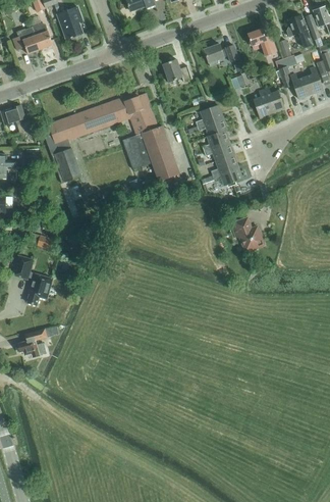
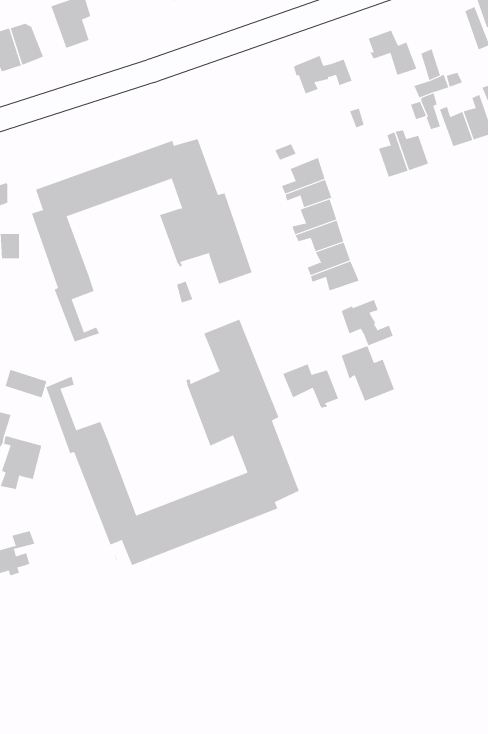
building: [286,14,312,47] -> none
building: [162,58,191,82] -> none
building: none -> [341,299,394,346]
building: none -> [45,319,299,566]
building: none -> [282,364,339,409]

